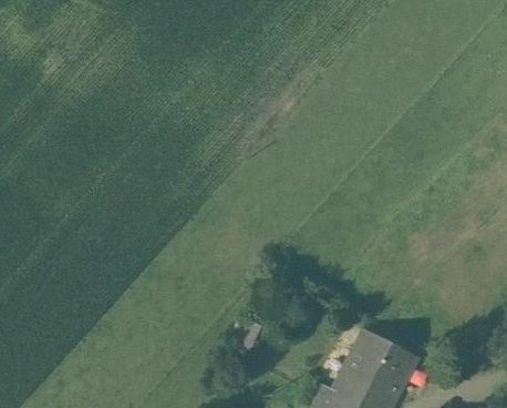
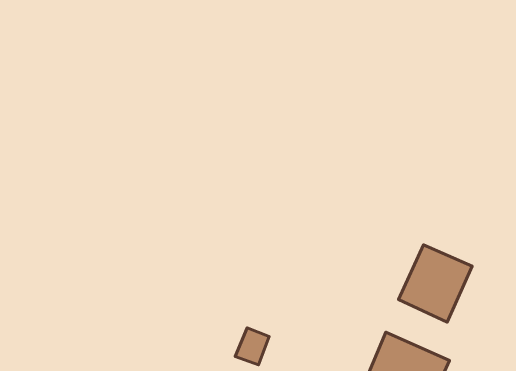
building: none -> [399,245,472,322]

